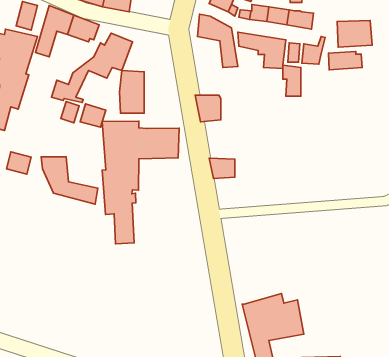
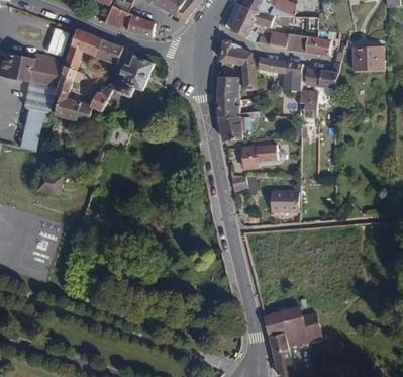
building: [329,51,362,70] -> none
building: none -> [59,76,86,118]
building: [120,71,144,113] -> [216,76,239,116]
building: [102,121,179,244] -> none
building: none -> [240,145,277,170]
building: [41,157,98,204] -> none
building: none -> [269,191,299,213]

